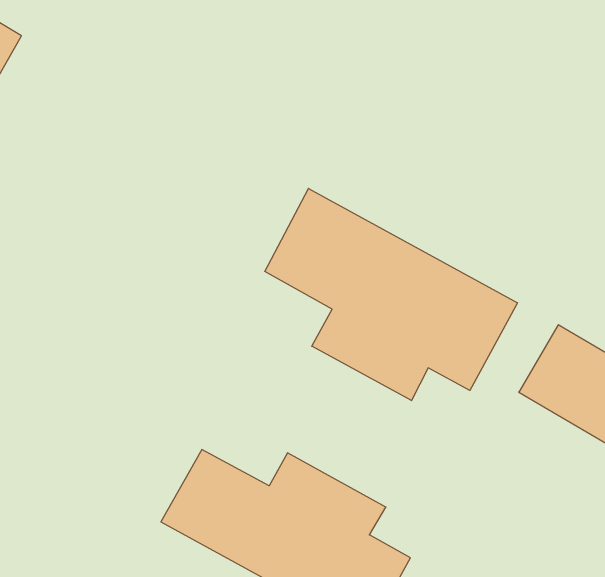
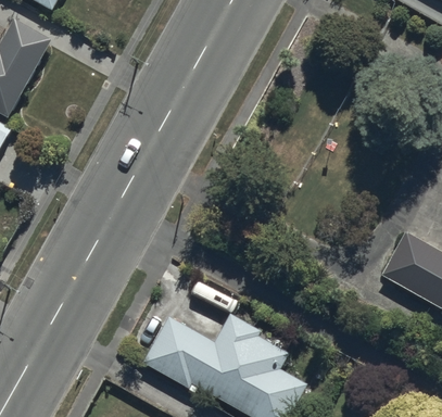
building: [265,188,517,401] -> none

